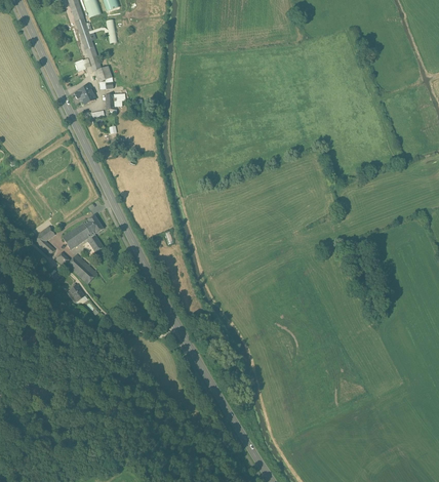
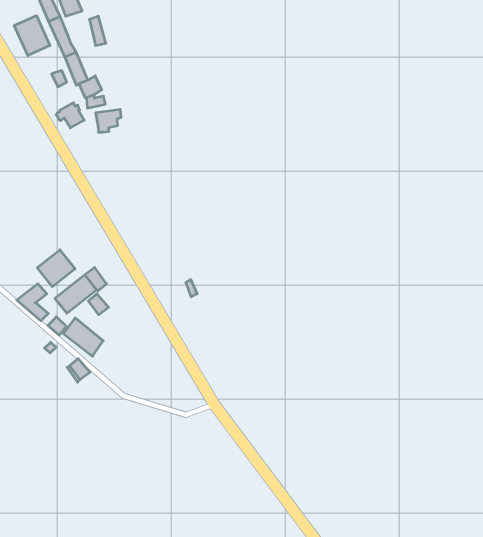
building: none -> [14,16,50,56]
building: none -> [37,250,75,287]

